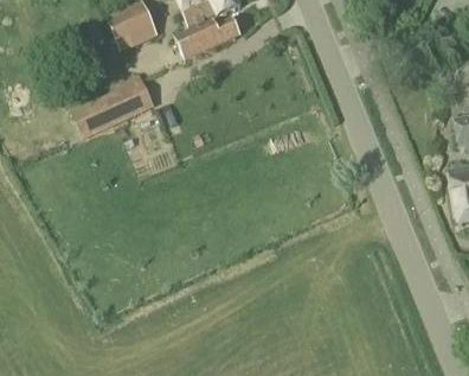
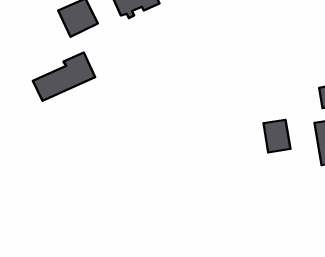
building: [174,18,240,60] -> none
building: none -> [263,120,291,153]

